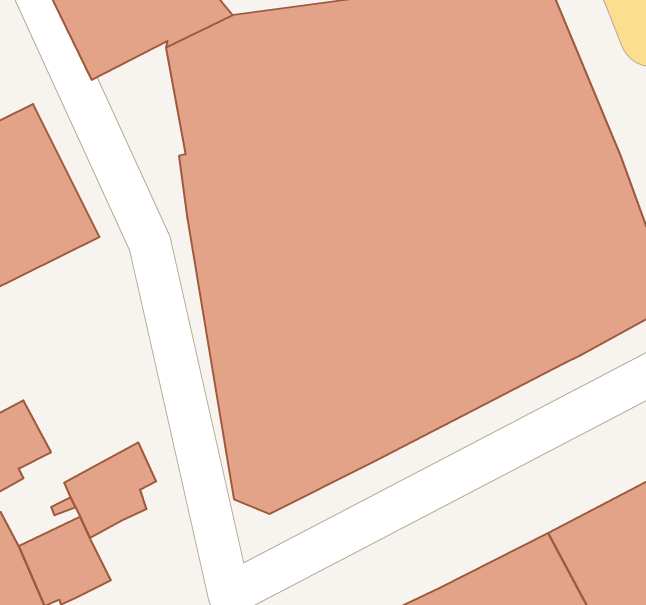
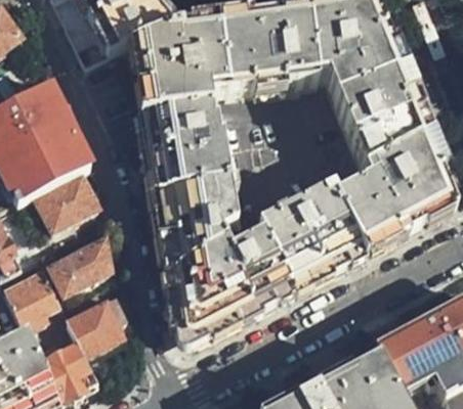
building: none -> [34,174,96,229]
building: none -> [48,236,109,292]

